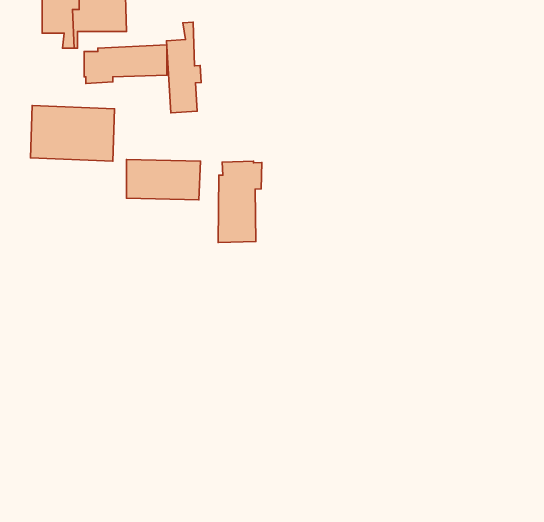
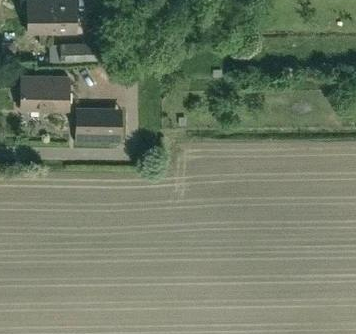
building: [166,22,201,113] -> none
building: [218,161,262,242] -> none

